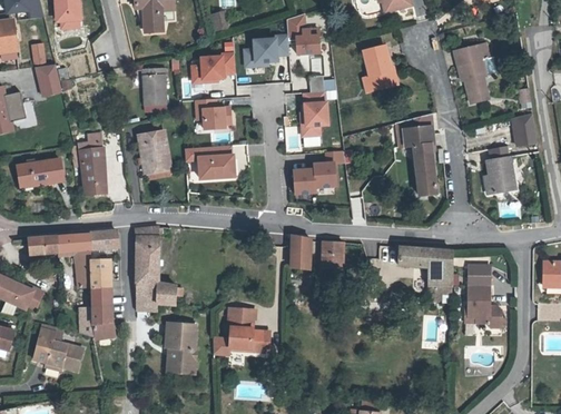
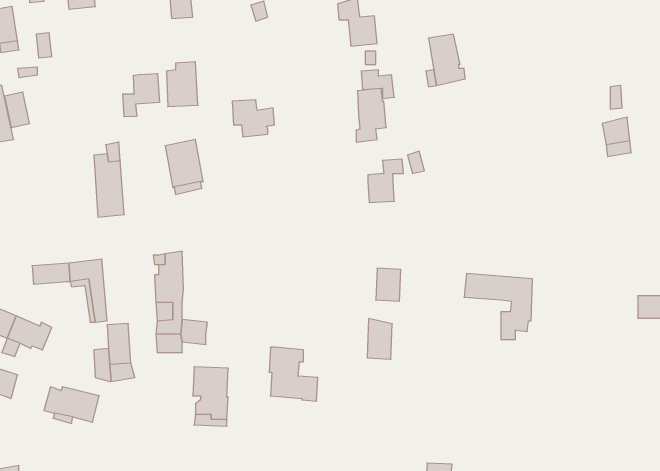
building: [244,33,289,67] -> none
building: [456,45,486,104] -> none
building: [193,53,236,83] -> none
building: [36,63,62,97] -> none
building: none -> [123,73,159,117]
building: [404,126,435,195] -> none
building: [187,145,237,178] -> none
building: [481,158,510,195] -> none
building: [18,160,63,186] -> none
building: [292,168,314,193] -> none
building: [87,230,115,289] -> none
building: [287,235,308,269] -> [367,319,392,359]
building: [463,264,499,327] -> none

